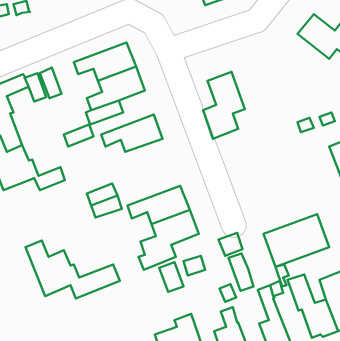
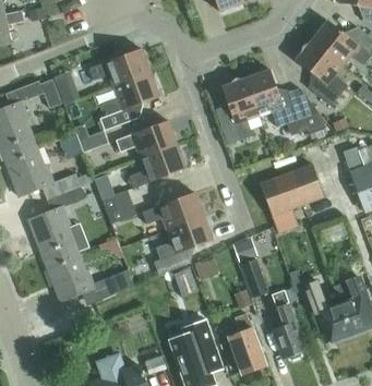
building: none -> [296,39,347,105]
building: none -> [245,69,317,126]
building: none -> [129,144,185,188]
building: none -> [28,185,85,262]
building: [264,214,329,267] -> [259,162,324,215]

